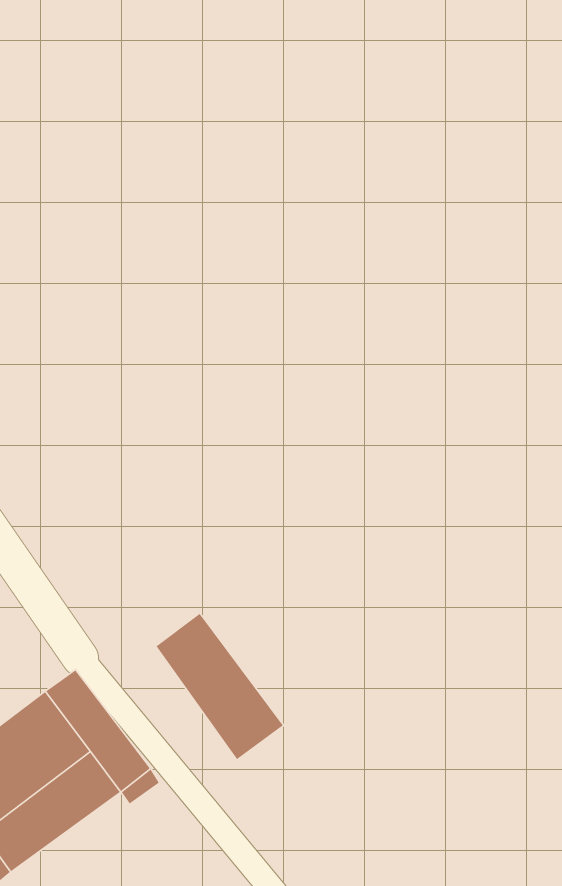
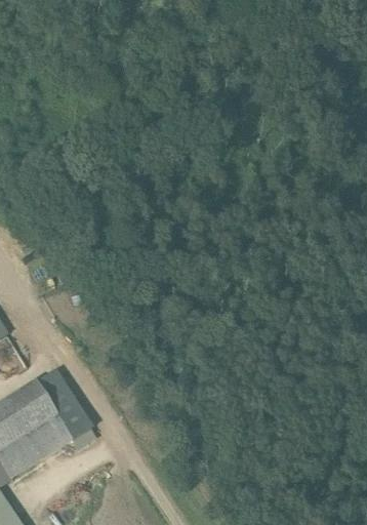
building: [156,613,284,760] -> none

